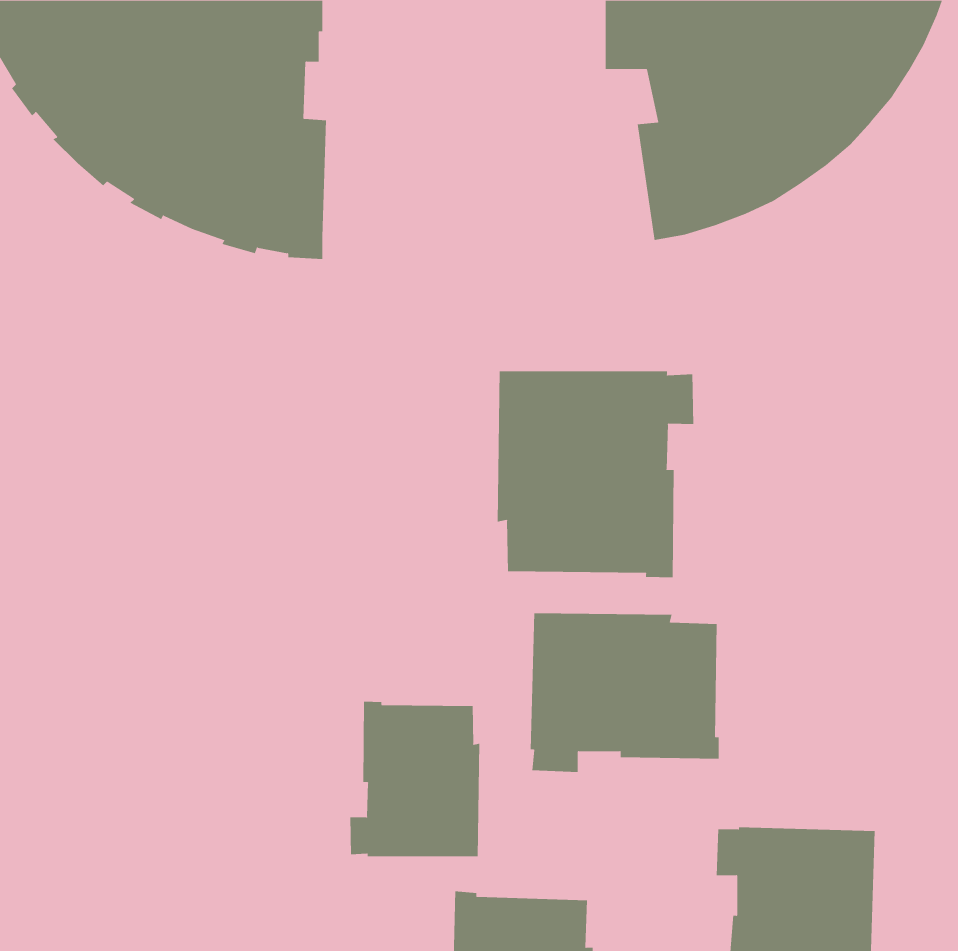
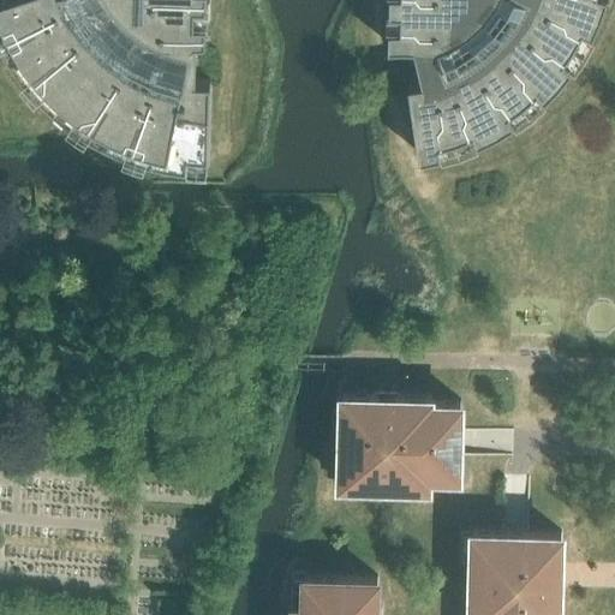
building: [497,371,694,578] -> none
building: [350,701,480,857] -> none

